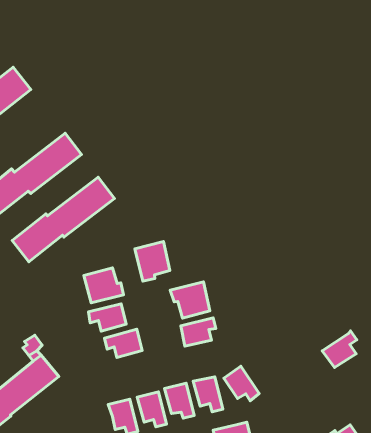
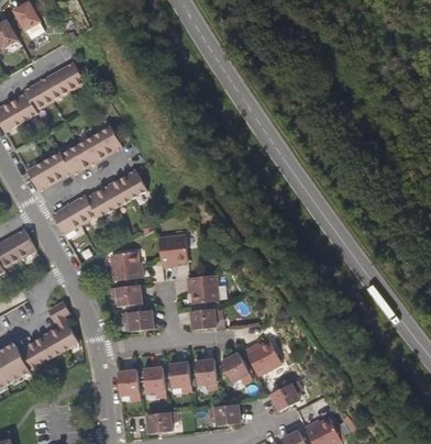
building: [322,331,357,368] -> [269,380,301,411]
building: none -> [245,342,281,377]

